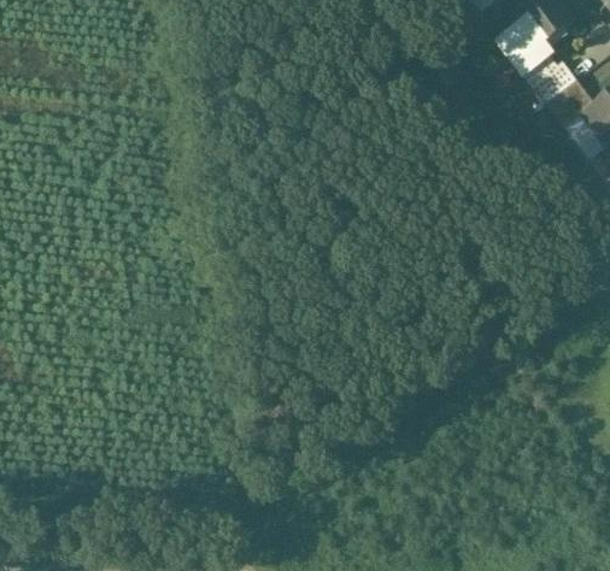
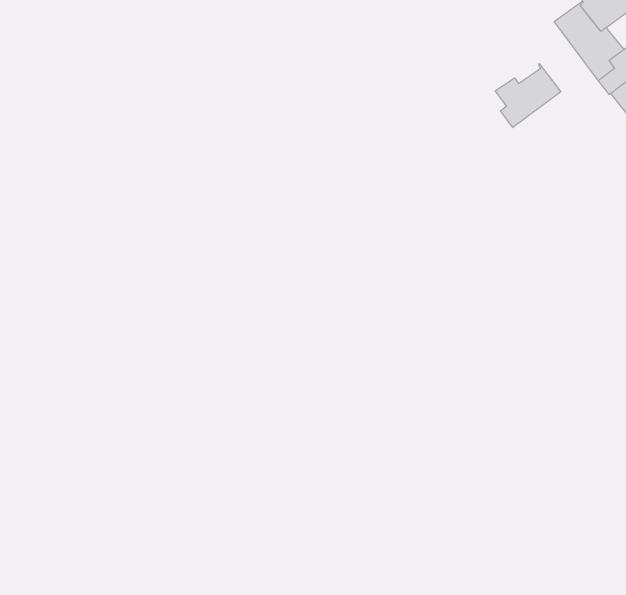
building: none -> [495,64,561,128]

